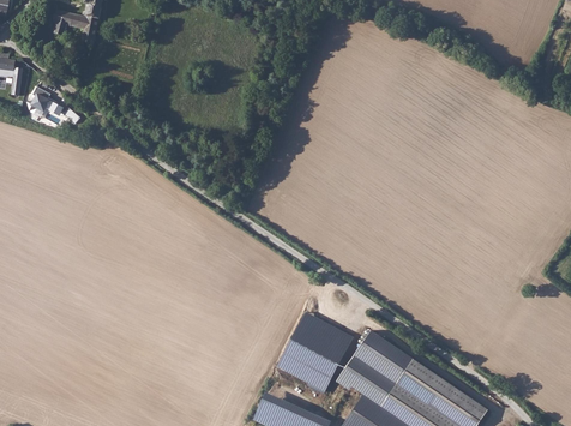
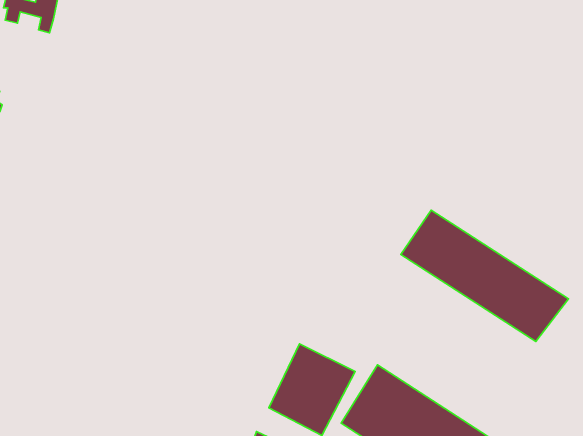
building: none -> [401,210,569,341]

